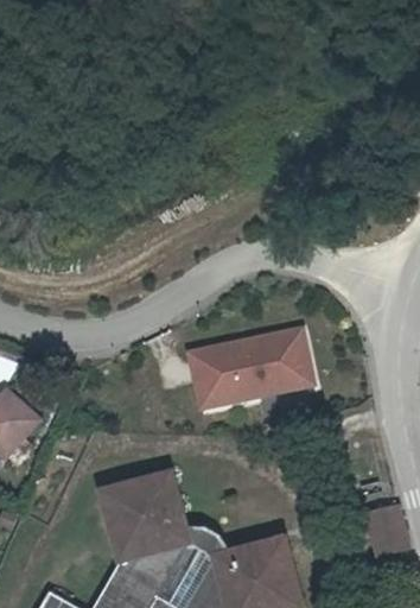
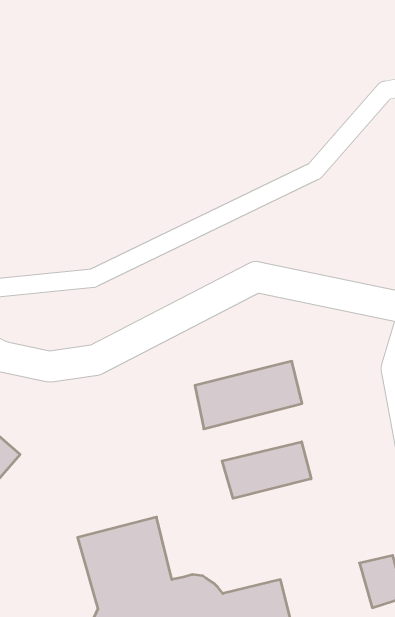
building: none -> [222,442,311,498]

